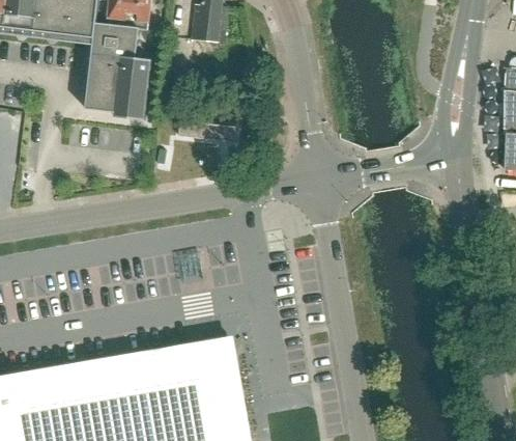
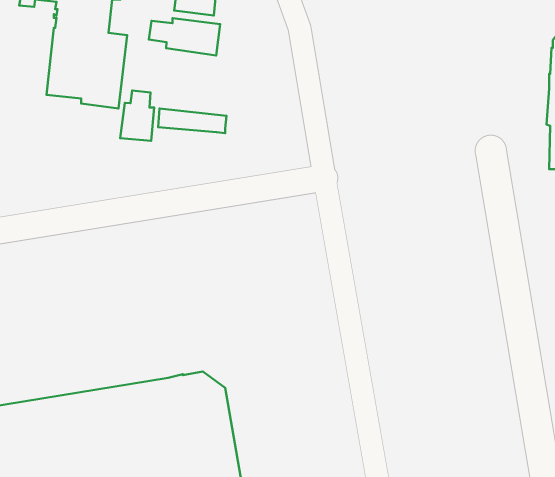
building: none -> [149,18,220,56]
building: none -> [120,91,154,141]

